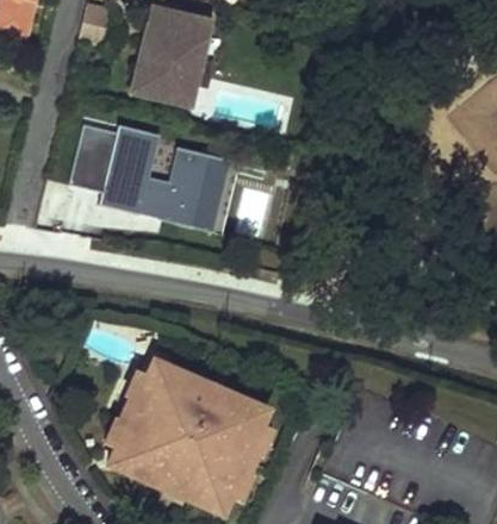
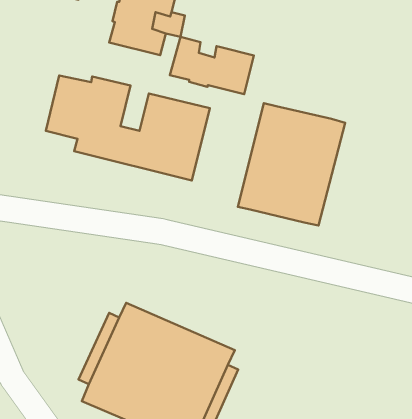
building: none -> [170,37,254,94]
building: none -> [238,103,345,226]

